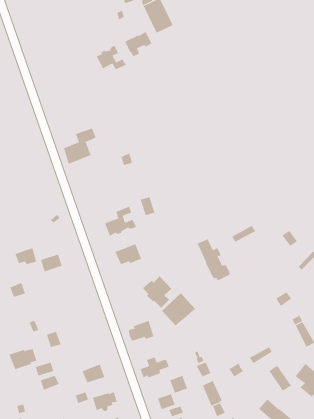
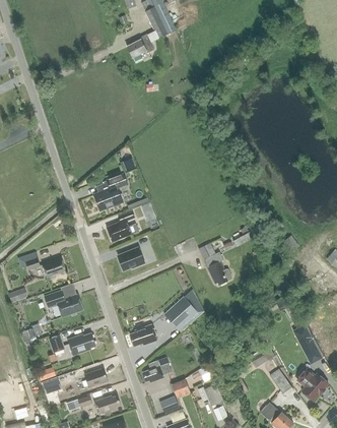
building: [96,44,126,70] -> none
building: [63,128,97,164] -> [94,173,128,209]
building: [142,275,172,309] -> none
building: none -> [45,290,83,316]
building: [9,348,37,370] -> [67,332,95,354]

